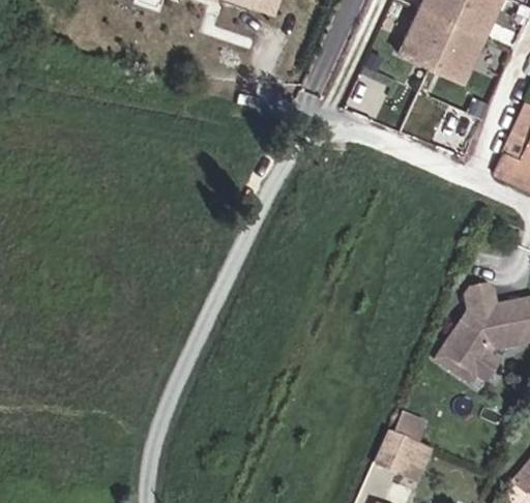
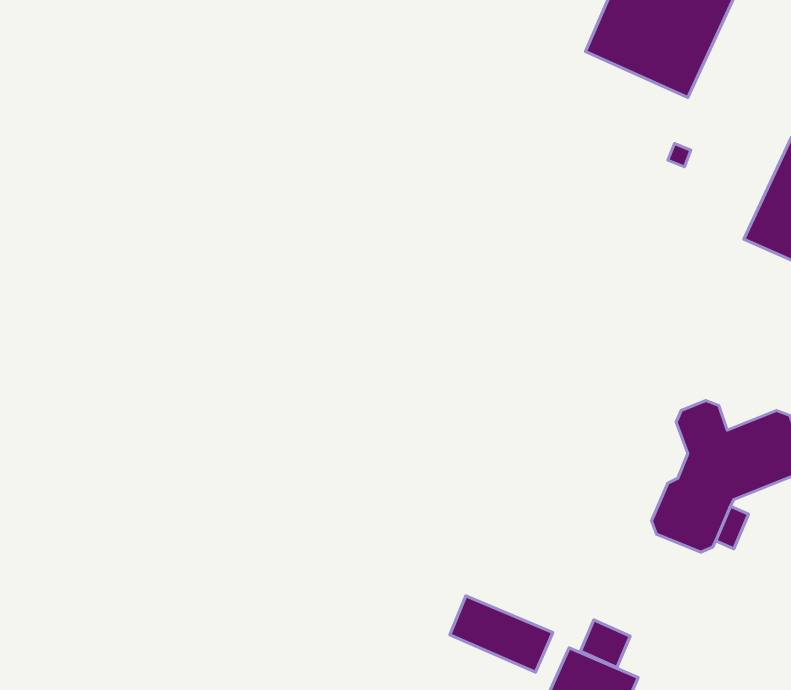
building: none -> [450,596,553,672]

